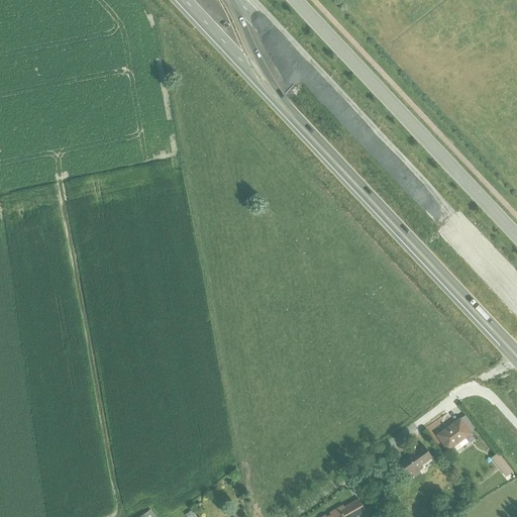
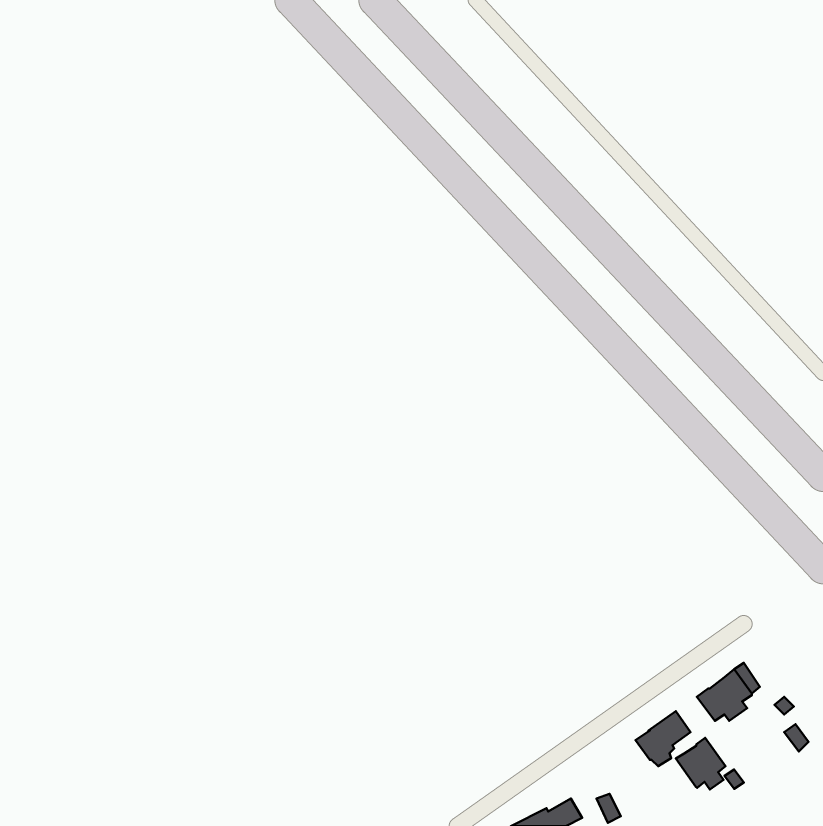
building: none -> [676,738,725,790]

